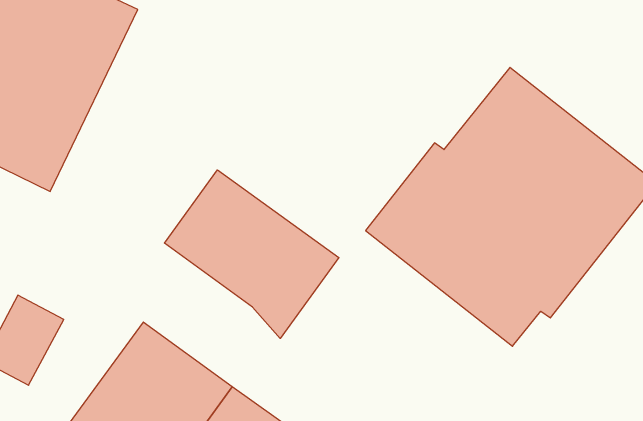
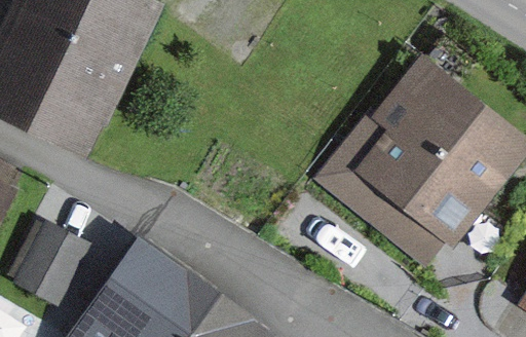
building: [164,170,339,338] -> none

